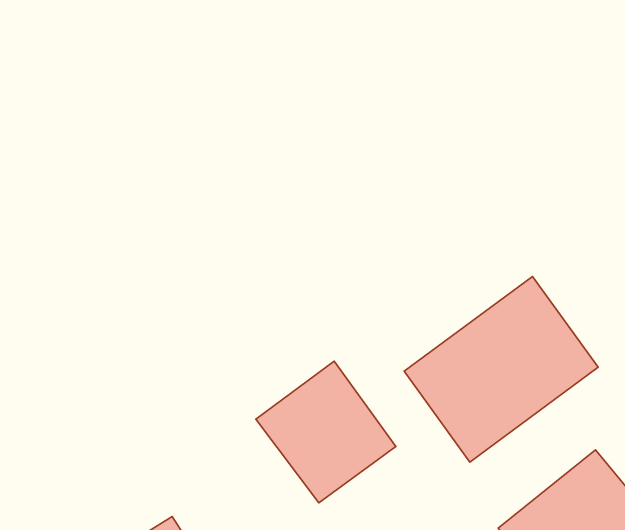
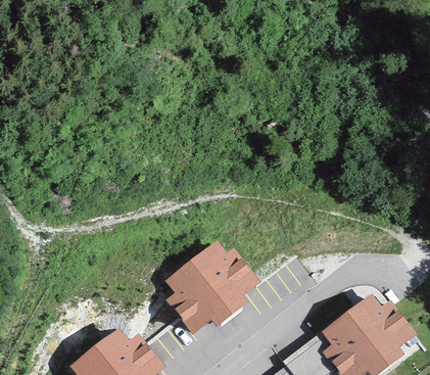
building: [404,276,598,462] -> none

